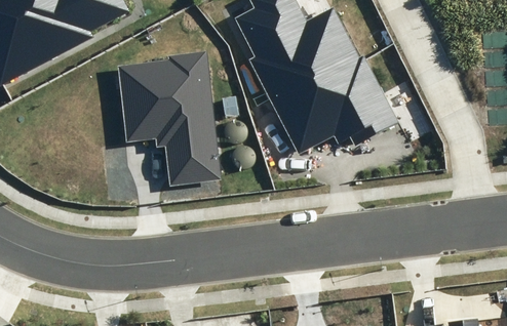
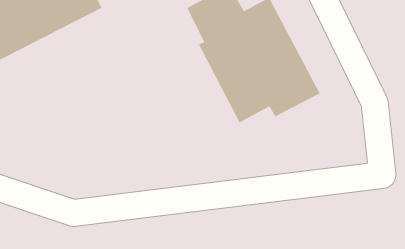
building: [114,51,221,185] -> none

